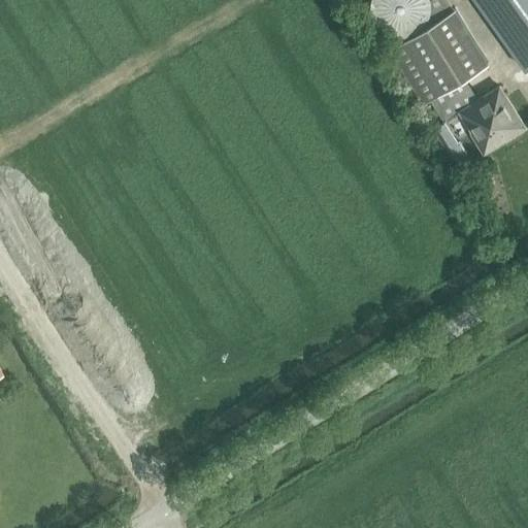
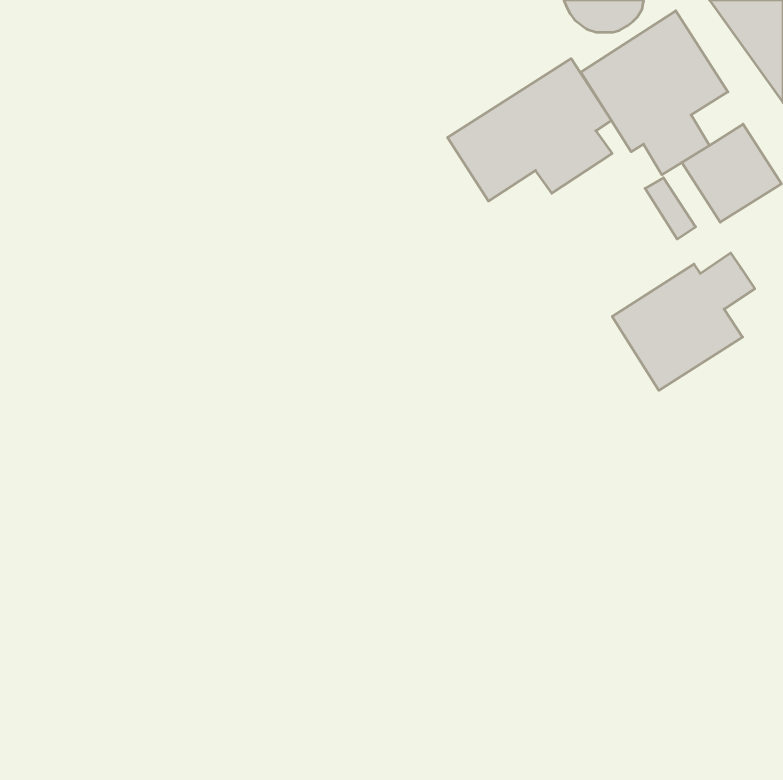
building: none -> [448,59,612,201]
building: none -> [612,253,755,390]

